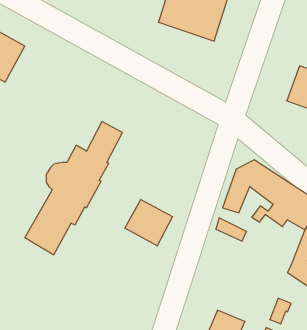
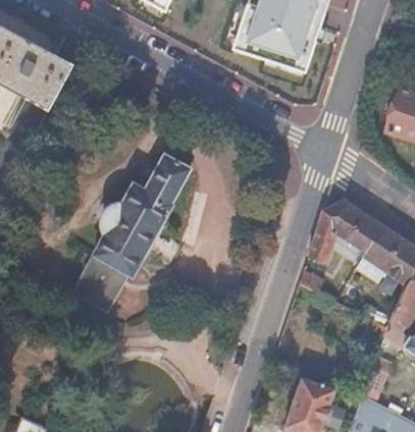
building: [125,199,173,246] -> none

